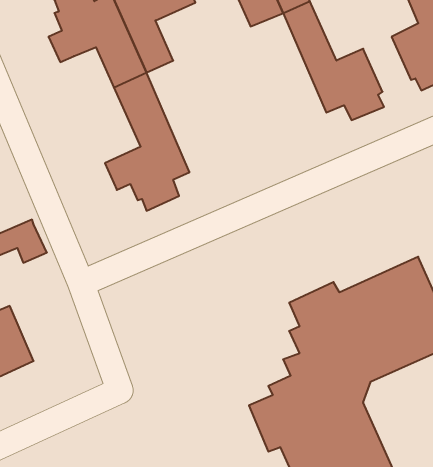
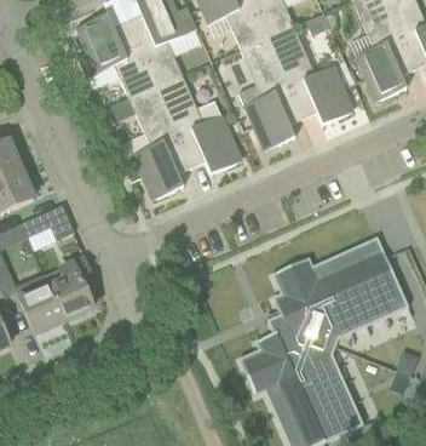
building: none -> [238,36,303,148]
building: none -> [156,75,237,173]
building: none -> [45,257,93,320]

